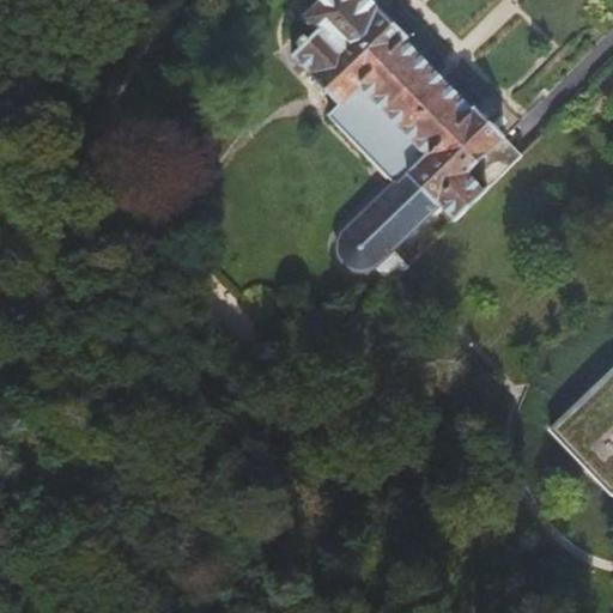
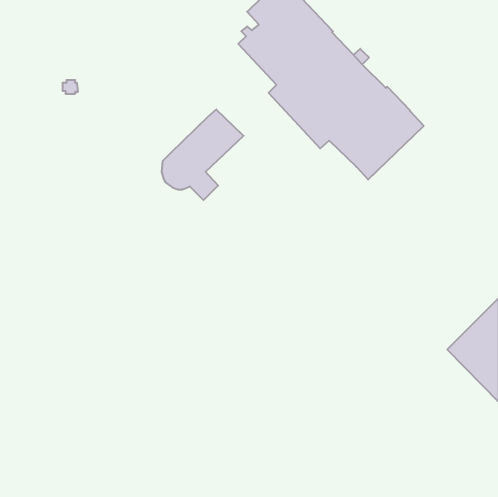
building: [338,172,438,284] -> [162,109,244,200]

